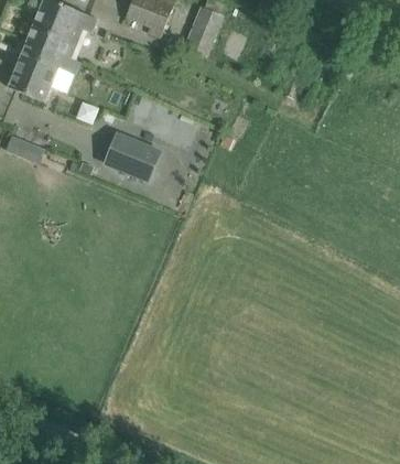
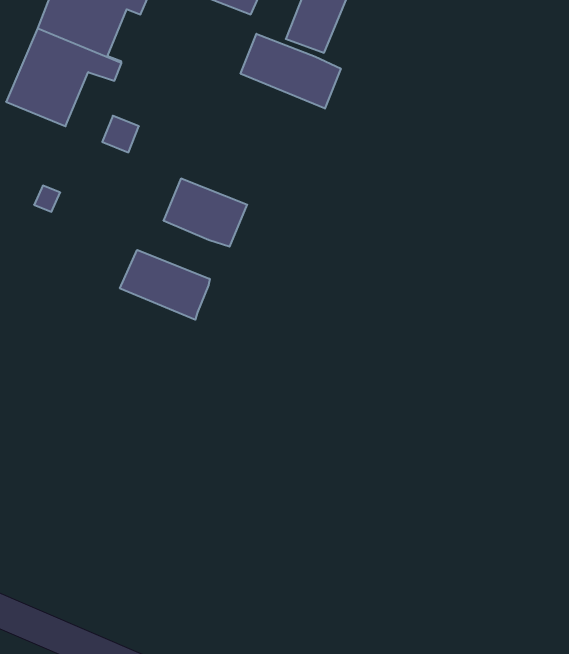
building: none -> [241,34,341,109]
building: none -> [120,250,210,320]

